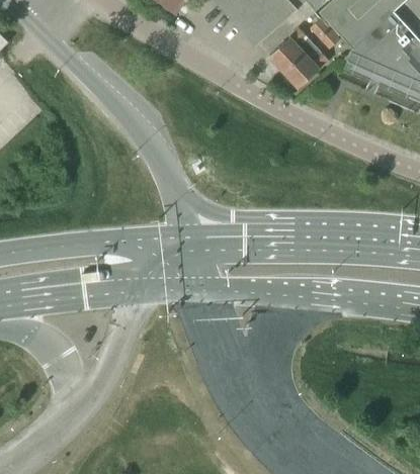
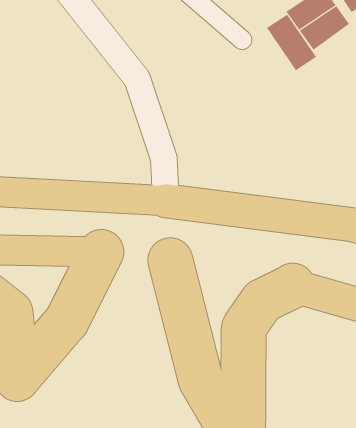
building: none -> [266,14,317,71]

